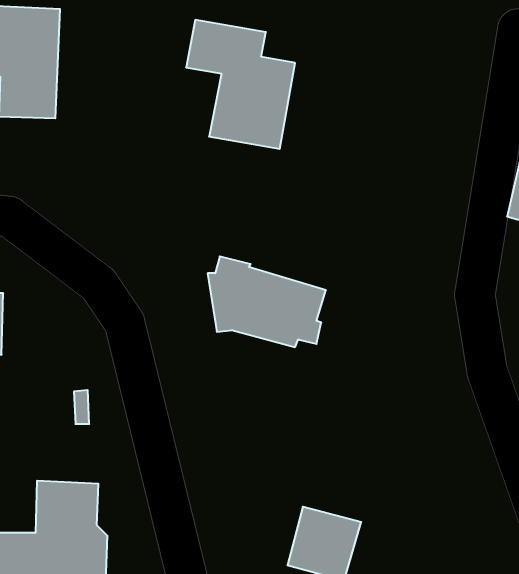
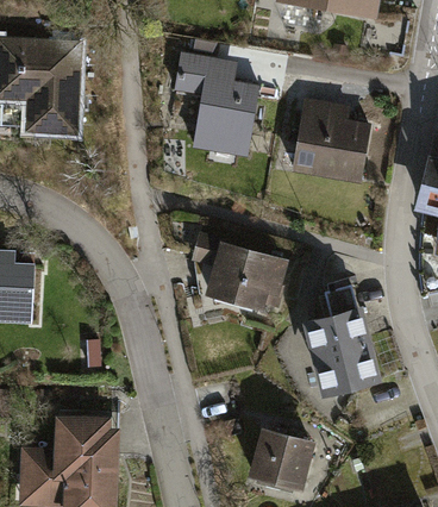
building: none -> [293,101,370,180]
building: none -> [308,286,375,393]

